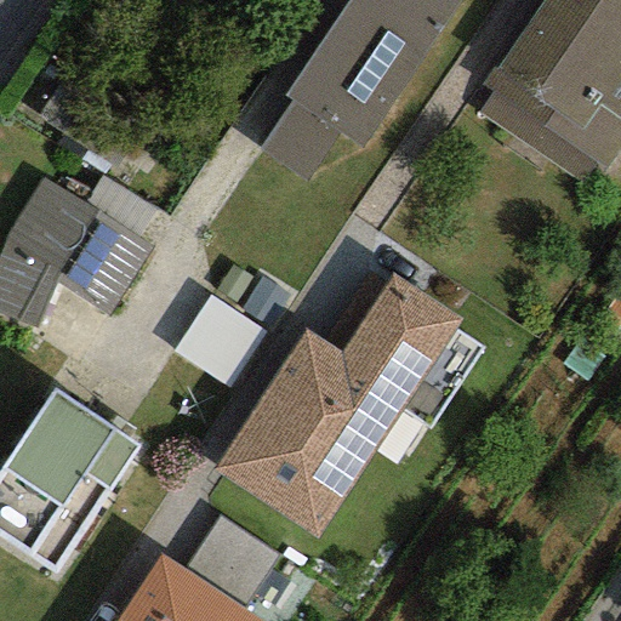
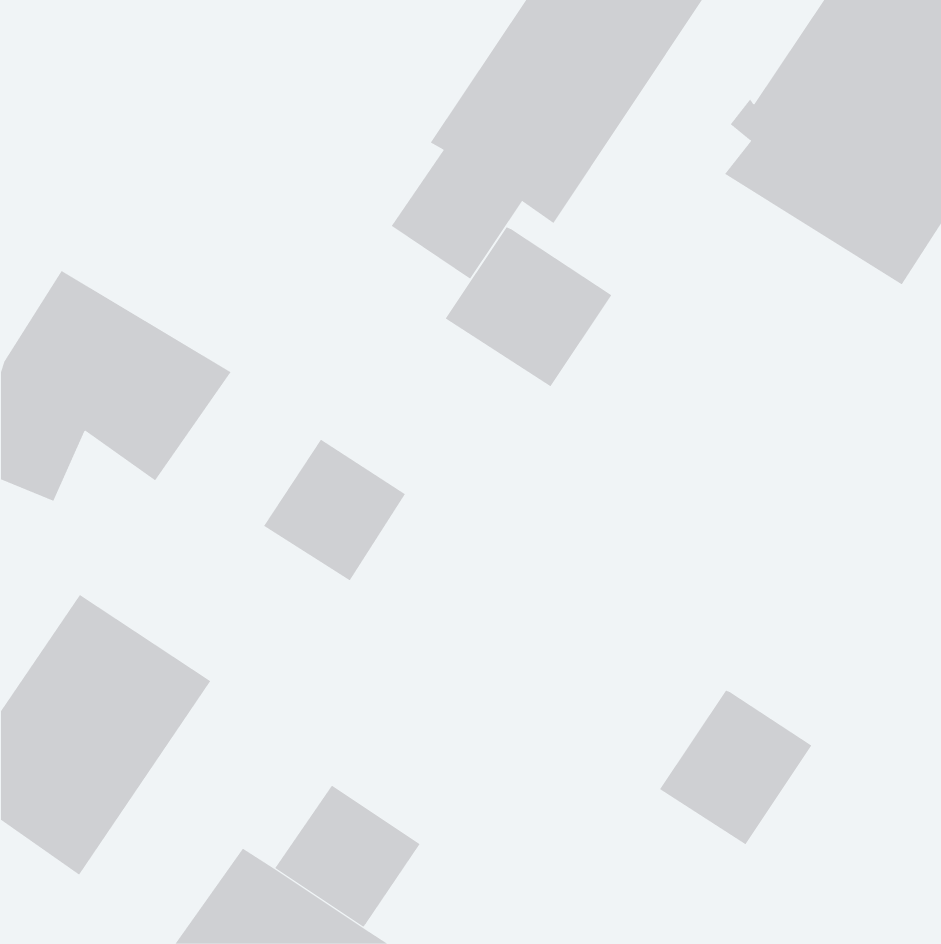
building: none -> [445,226,612,387]
building: [215,273,465,539] -> none
building: none -> [659,690,812,845]

